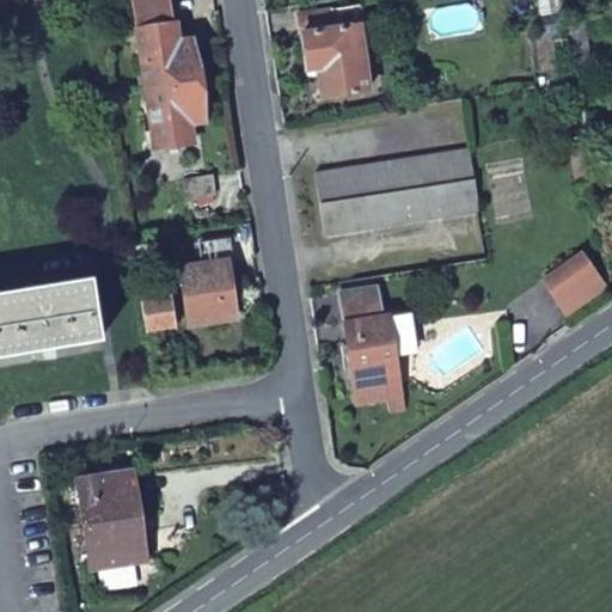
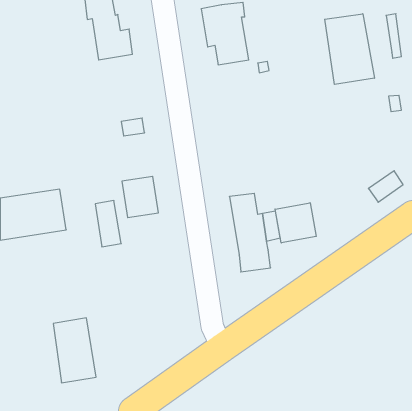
building: none -> [325,14,374,84]
building: [147,80,203,148] -> none
building: [318,147,481,234] -> none
building: none -> [275,203,316,243]

